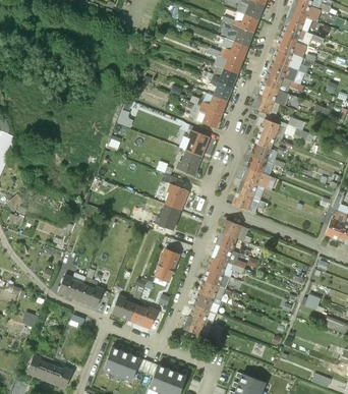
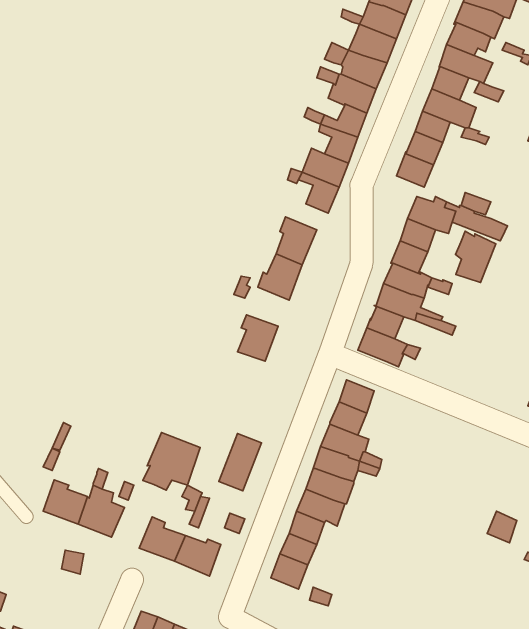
building: none -> [455,231,496,282]
building: [156,203,181,229] -> none
building: none -> [143,433,200,490]

